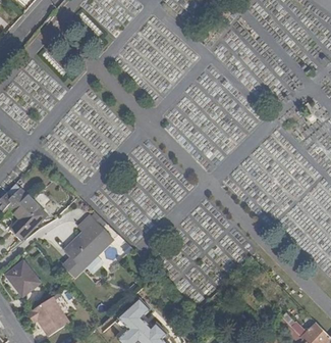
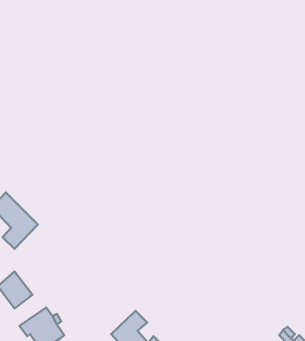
building: [66,215,112,267] -> none

